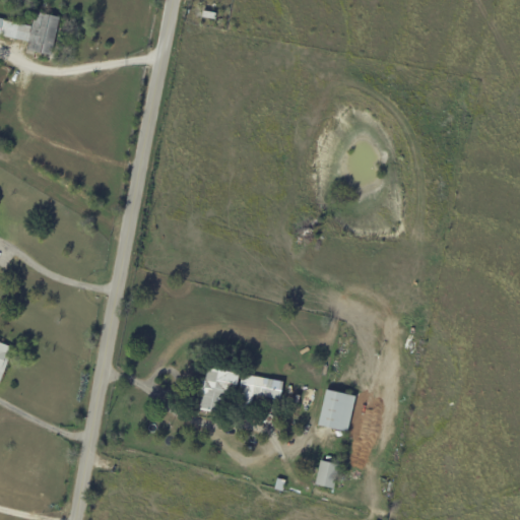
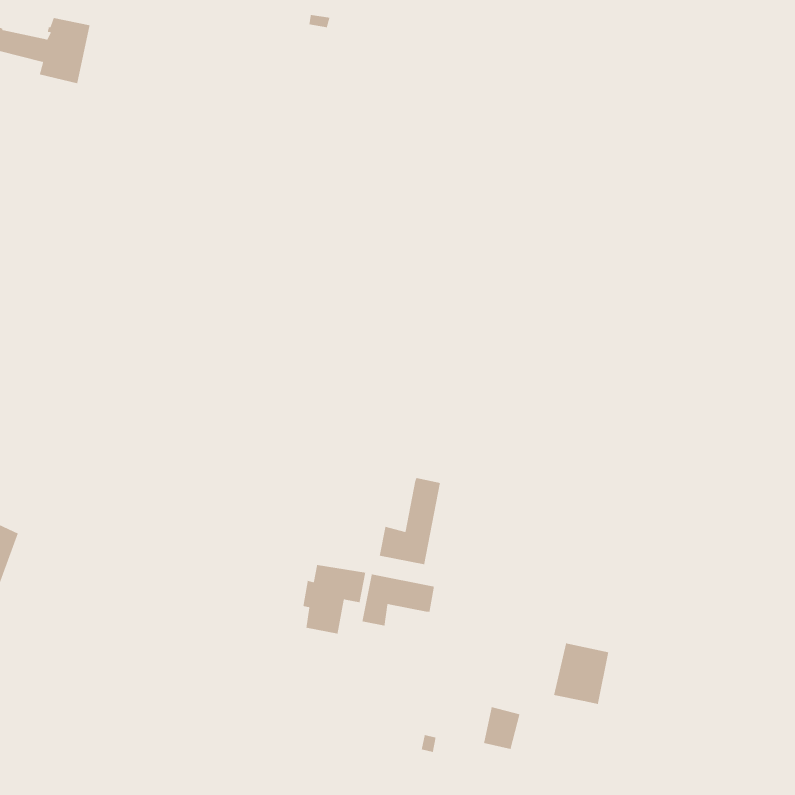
building: none -> [379,477,441,565]
building: [318,390,354,431] -> [553,643,609,705]

